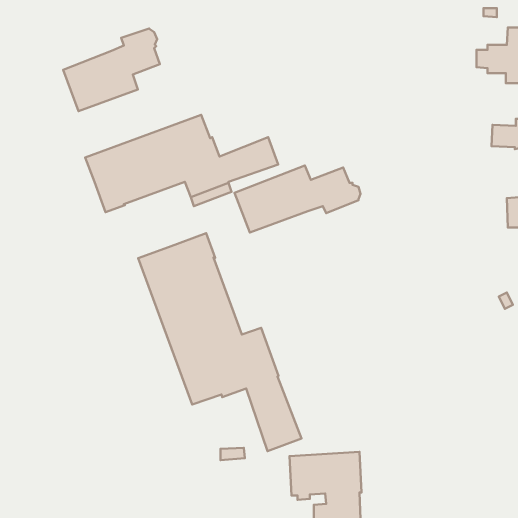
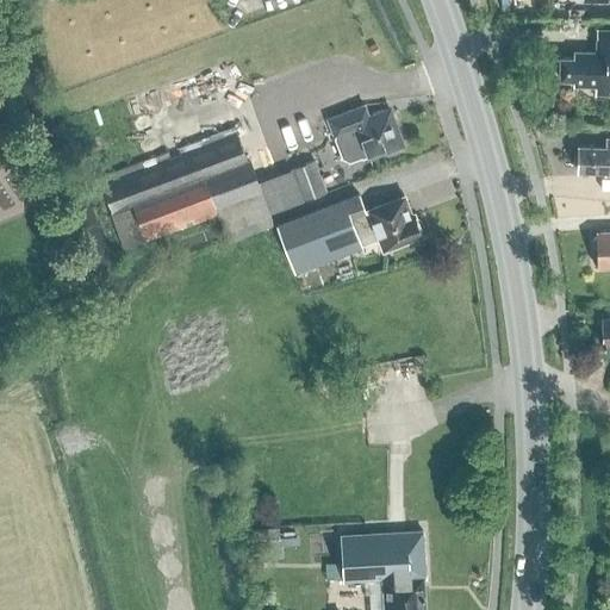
building: [63,28,160,111] -> none
building: none -> [328,106,400,163]
building: [138,233,302,451] -> none

